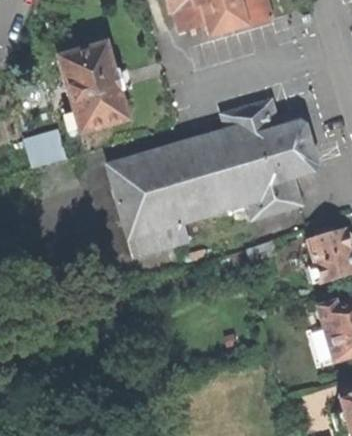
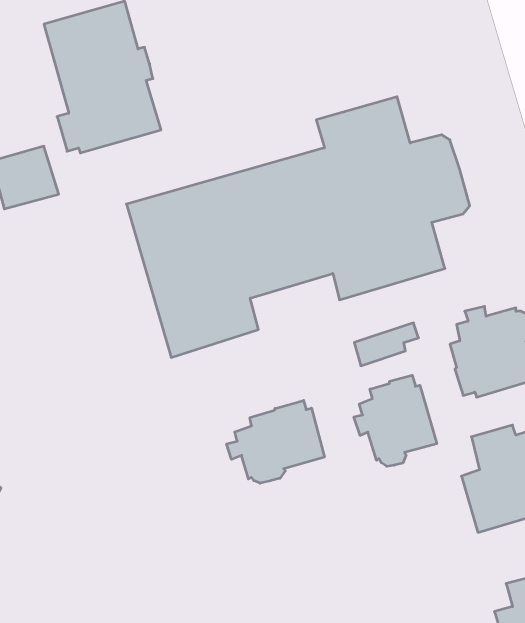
building: none -> [354,375,437,466]
building: none -> [227,400,324,483]

